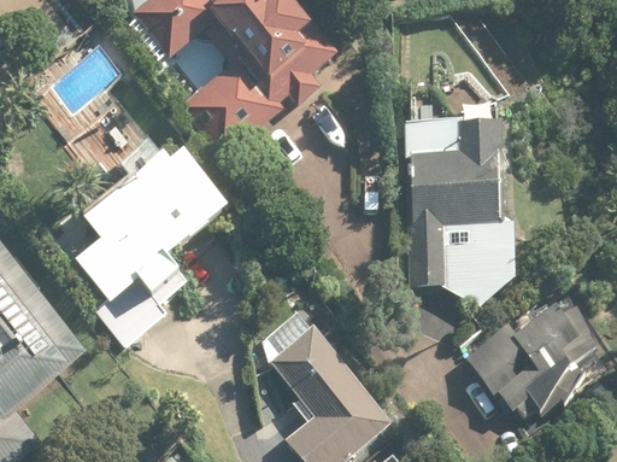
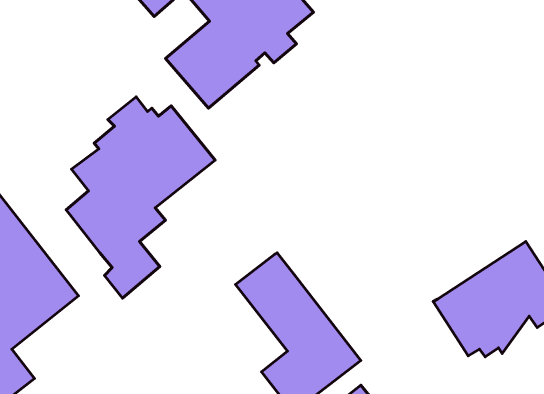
building: [404,99,515,306] -> none

